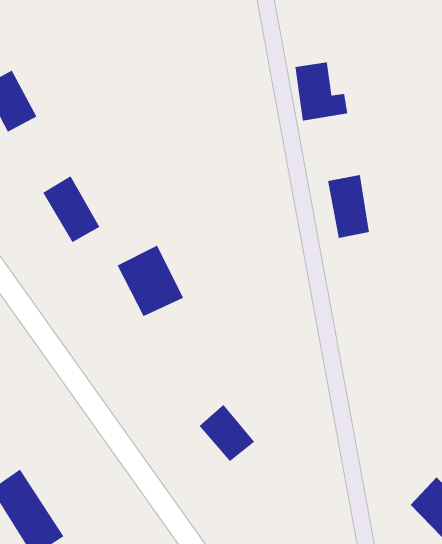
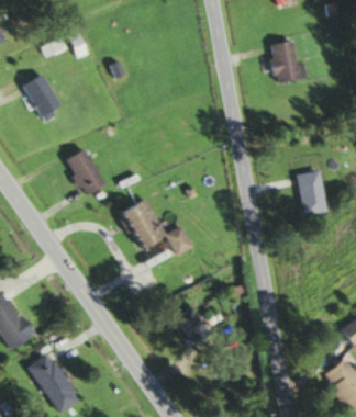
building: [294,62,348,122] -> [270,42,308,83]
building: [327,174,370,239] -> [298,171,327,216]
building: none -> [165,224,194,256]

